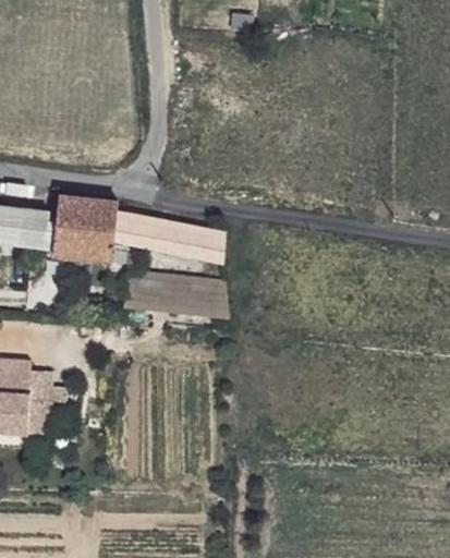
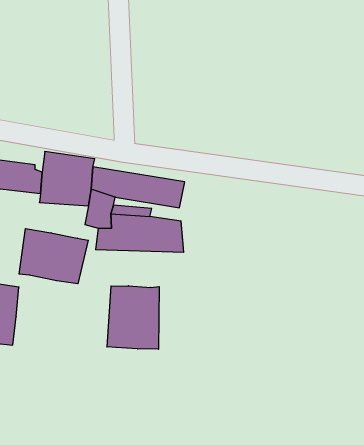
building: none -> [19,229,88,284]
building: none -> [107,286,159,349]
building: [20,396,48,433] -> none

